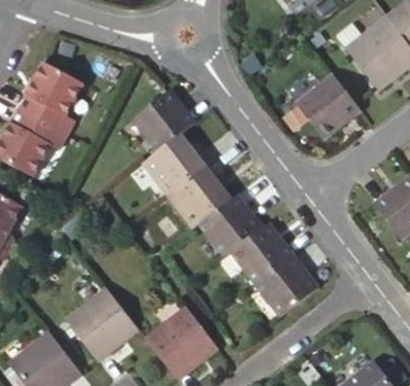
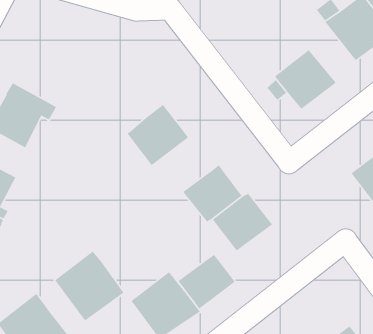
building: [23,62,87,135] -> none
building: [131,91,192,153] -> none
building: [167,167,231,229] -> none
building: [255,257,316,315] -> [177,254,236,309]

